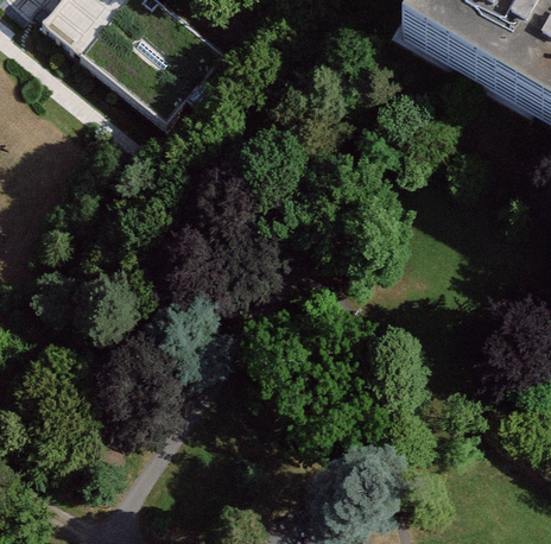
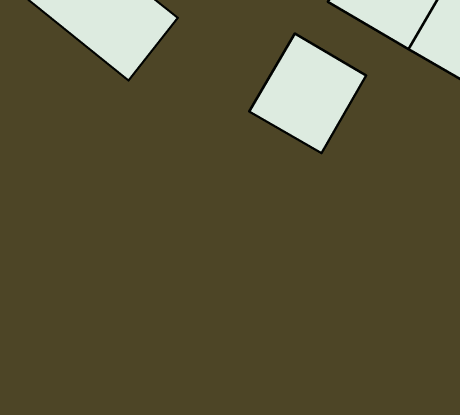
building: none -> [249,33,366,153]

